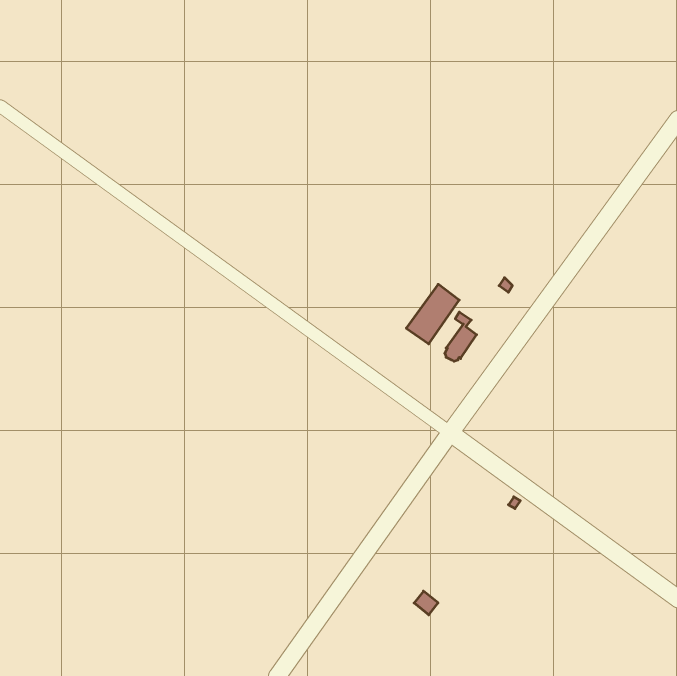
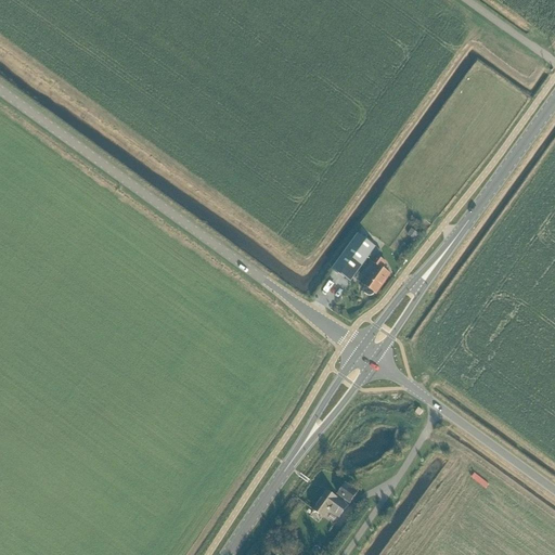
building: none -> [315,489,348,516]

